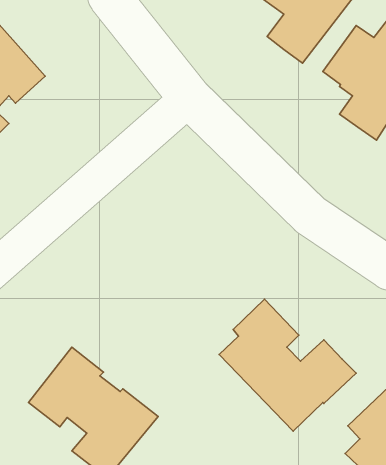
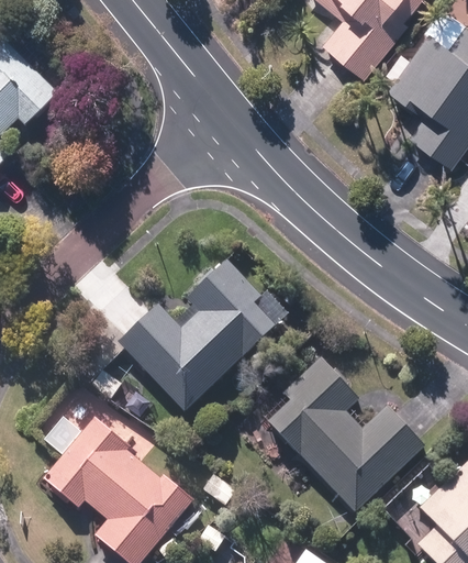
building: none -> [118,257,275,412]

